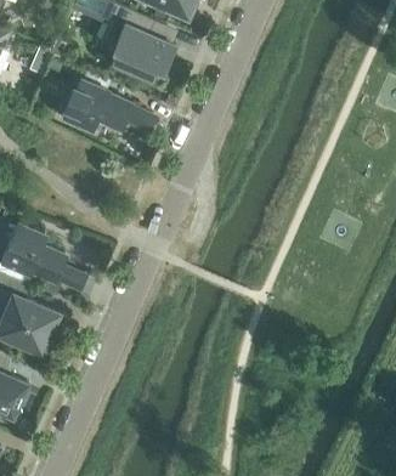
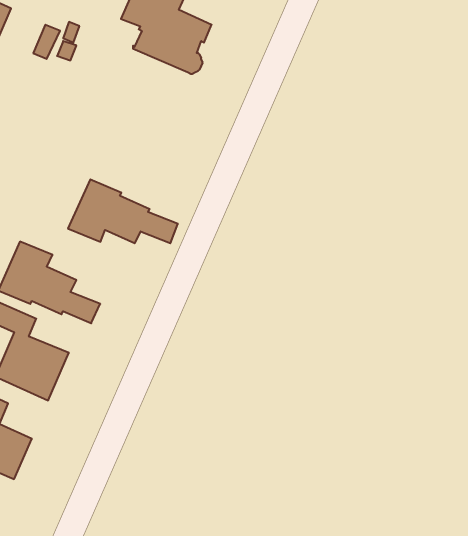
building: [62,78,152,130] -> [68,179,178,243]

